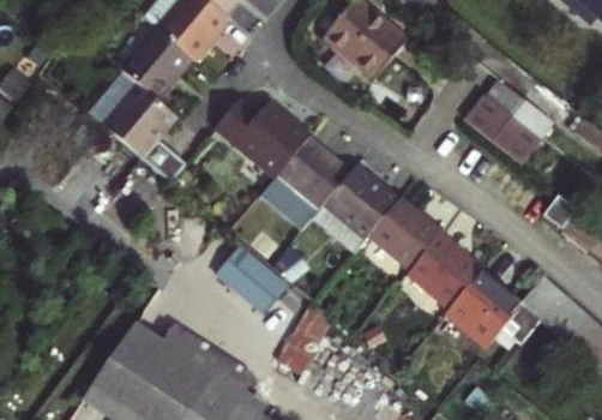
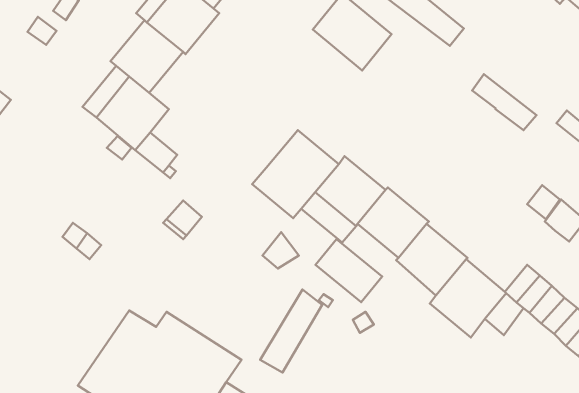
building: [465,95,541,164] -> none
building: [216,100,311,176] -> none
building: [218,247,287,312] -> [315,239,382,302]

